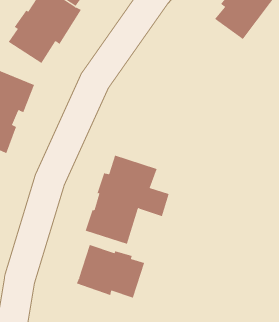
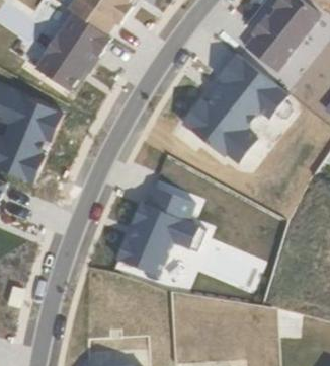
building: none -> [180,52,291,159]
building: [76,244,145,298] -> none

